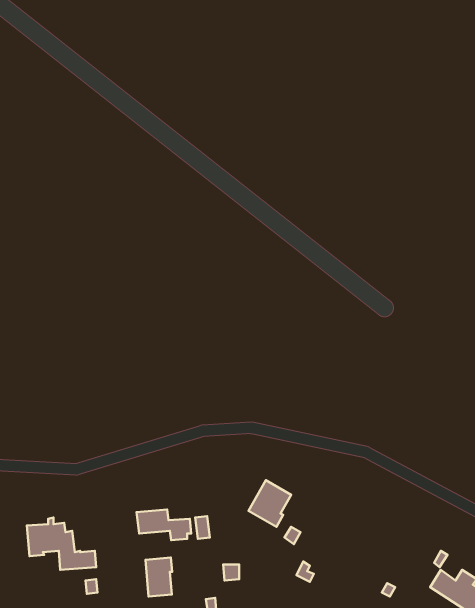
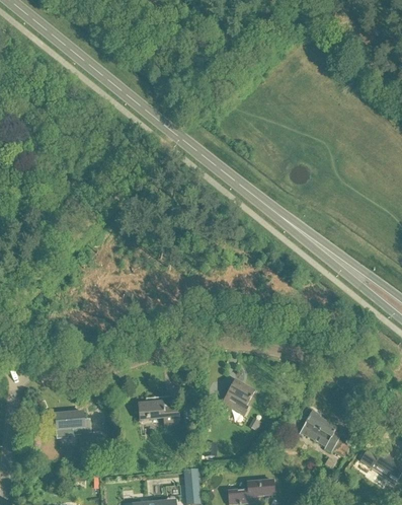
building: none -> [299,408,338,451]
building: [146,558,172,597] -> none

